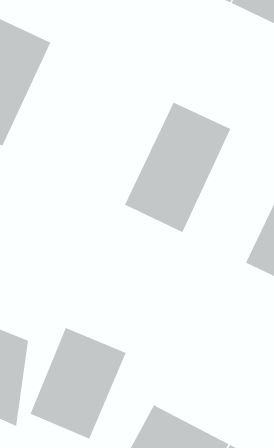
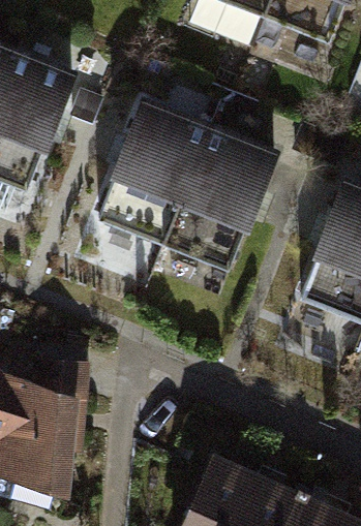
building: none -> [100,100,212,242]
building: [30,327,127,439] -> none

